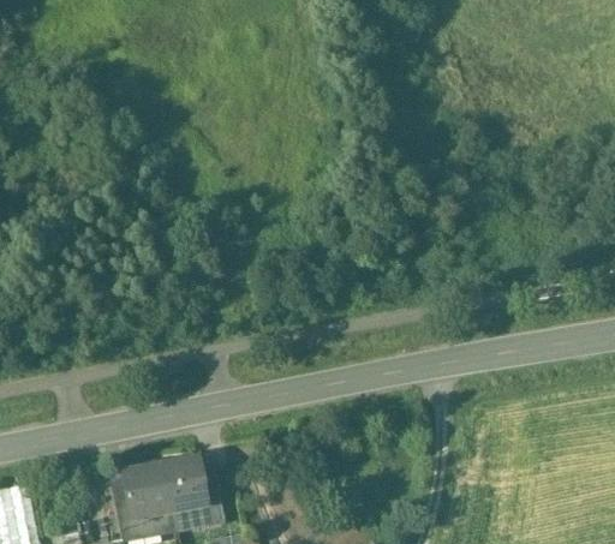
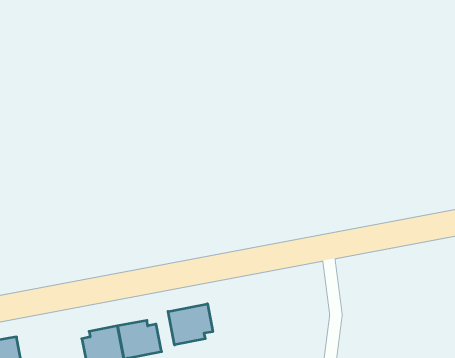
building: none -> [168,304,213,345]

